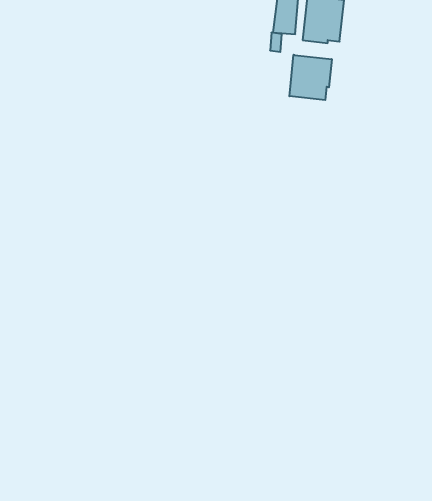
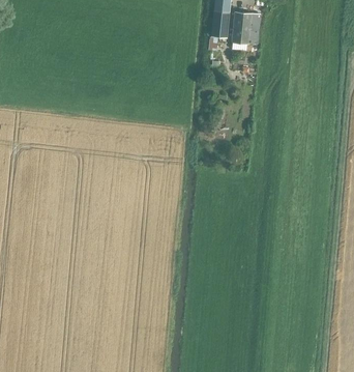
building: [289,55,332,100] -> none

